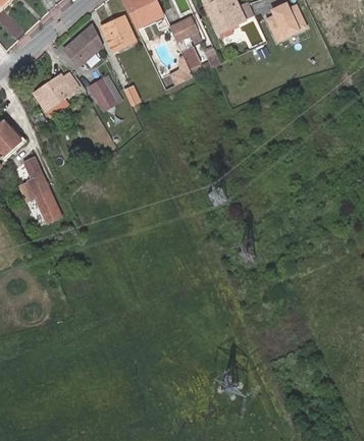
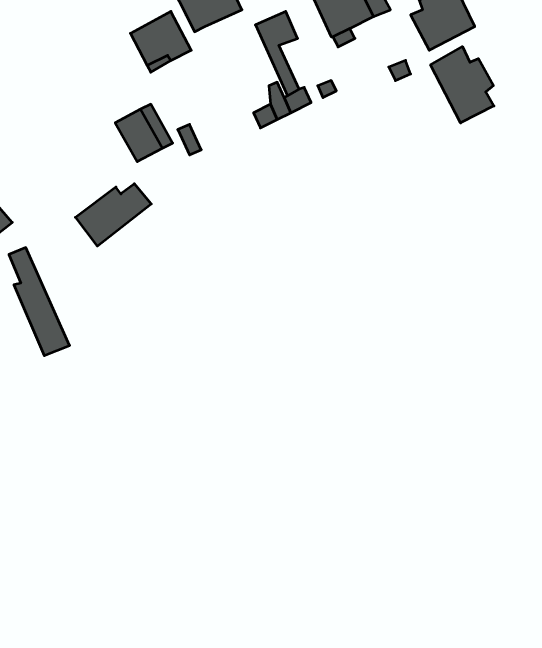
building: [61,26,101,65] -> none
building: none -> [431,47,494,123]
building: [34,72,80,110] -> [75,184,151,246]

